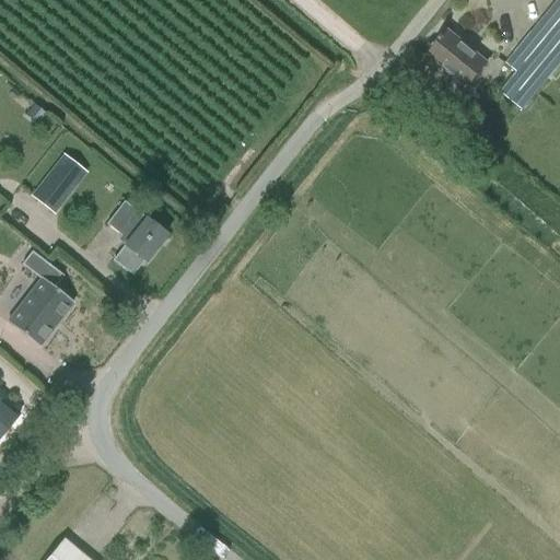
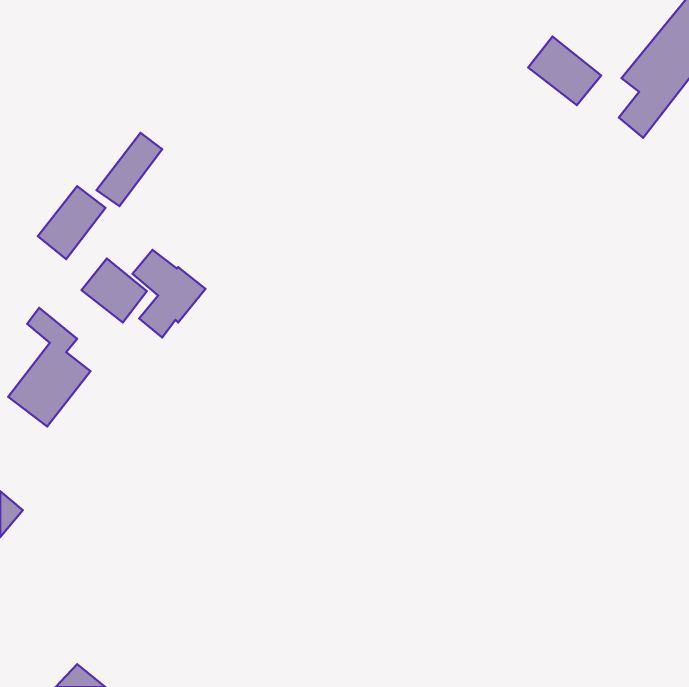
building: none -> [97,133,162,206]
building: none -> [81,259,147,323]

